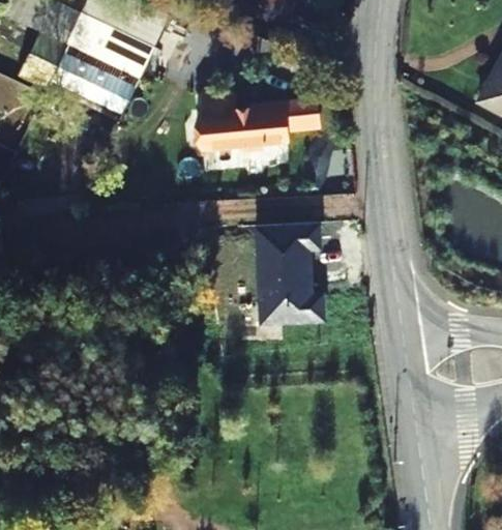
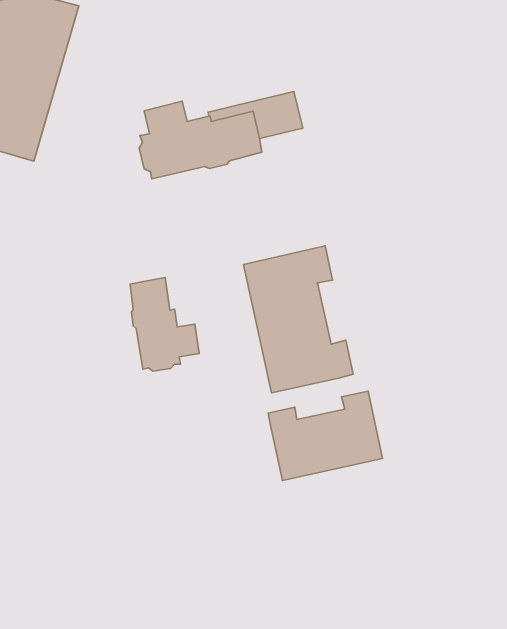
building: none -> [130,278,199,371]
building: none -> [268,391,383,480]

